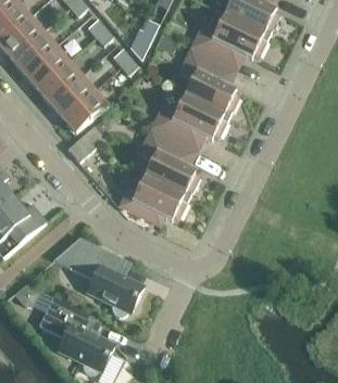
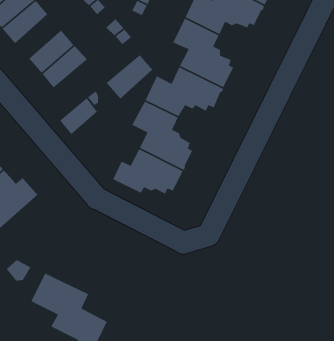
building: [24,44,70,88] -> none
building: [62,89,109,133] -> [106,54,153,100]
building: [53,238,145,316] -> none

